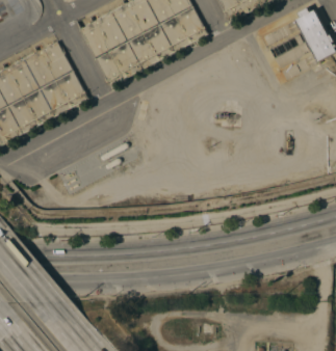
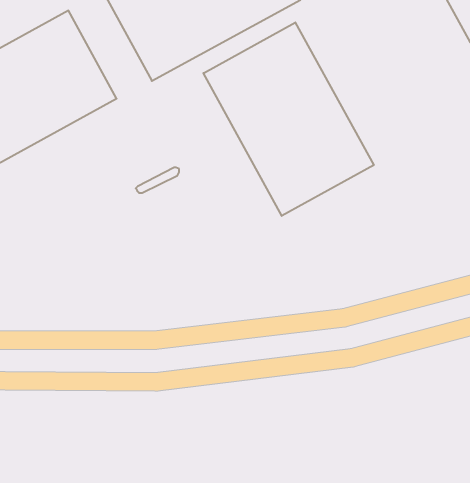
building: none -> [203,22,374,216]

